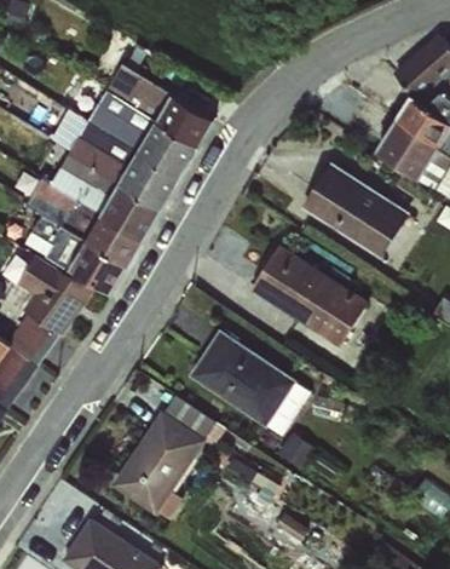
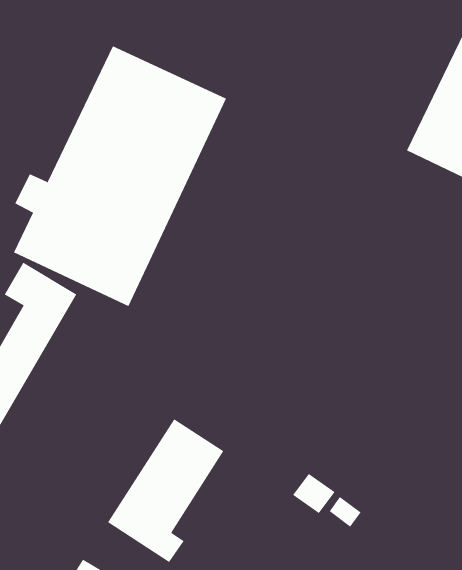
building: [300,167,415,265] -> none
building: [248,246,370,352] -> none
building: [189,335,311,442] -> none

